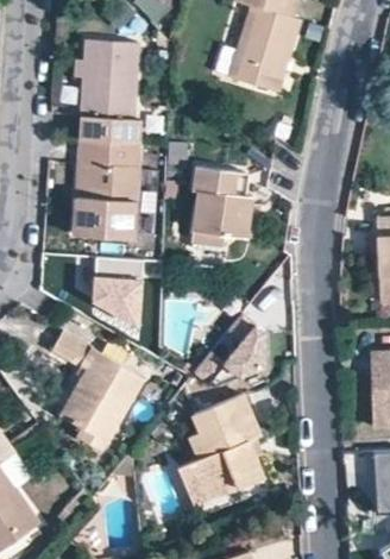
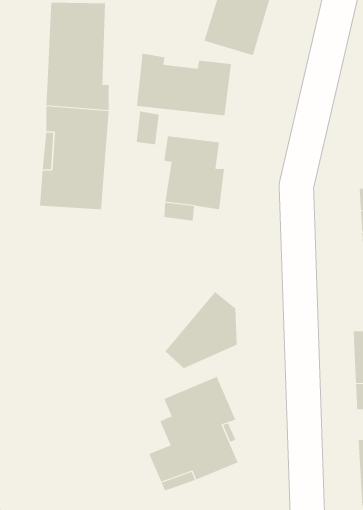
building: none -> [137,53,231,116]
building: [94,256,144,326] -> none
building: [52,329,145,451] -> none

